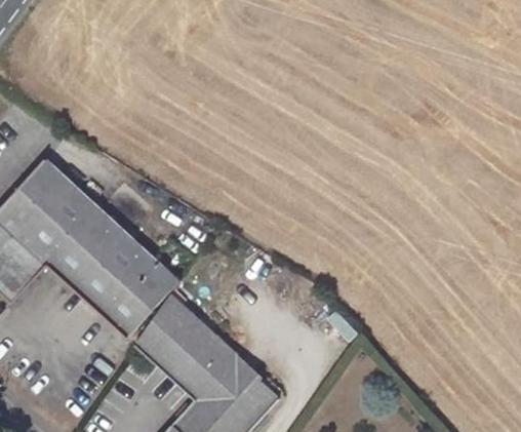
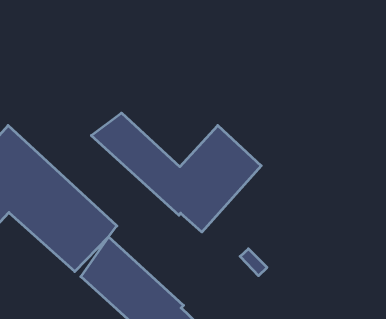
building: none -> [91,113,261,232]

